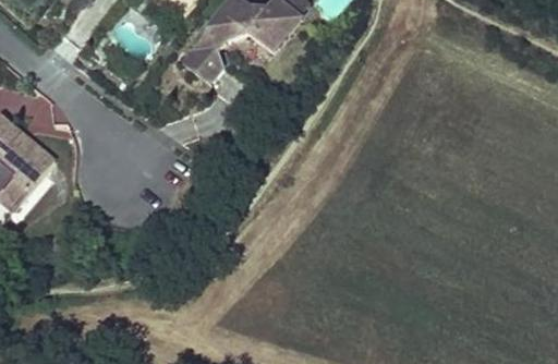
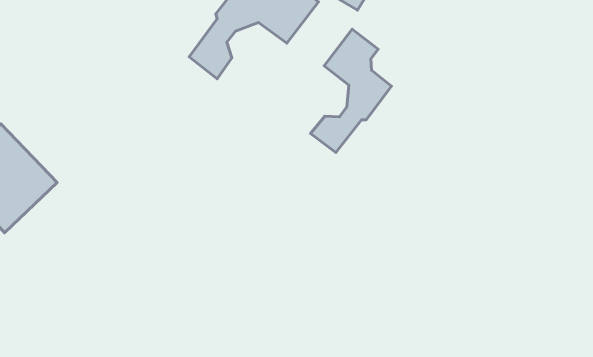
building: none -> [310,29,392,153]

